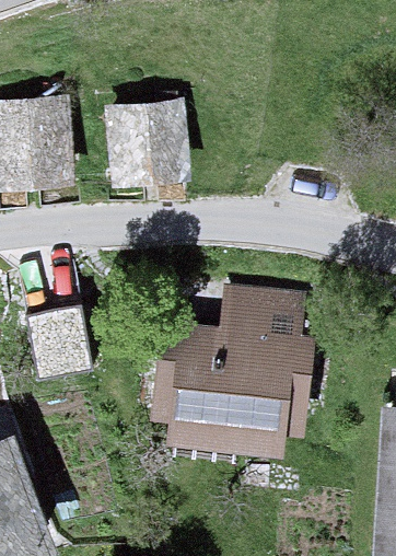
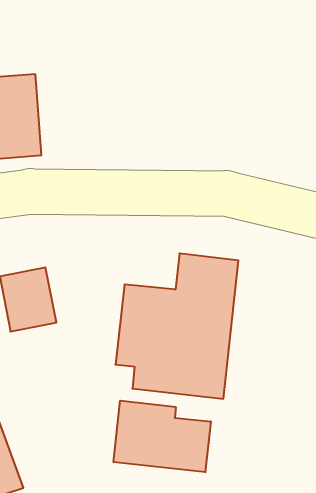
building: [104,95,179,192] -> none
building: none -> [114,401,211,472]

